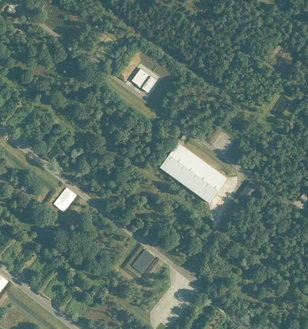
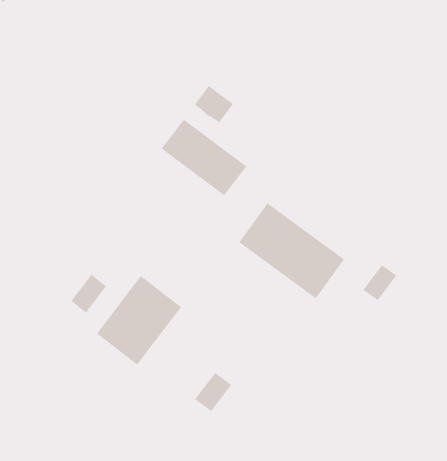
building: none -> [161,119,247,196]
building: none -> [96,275,182,366]

